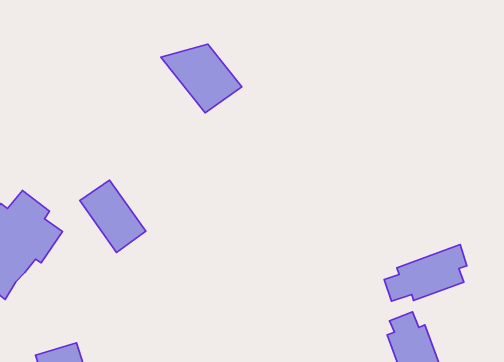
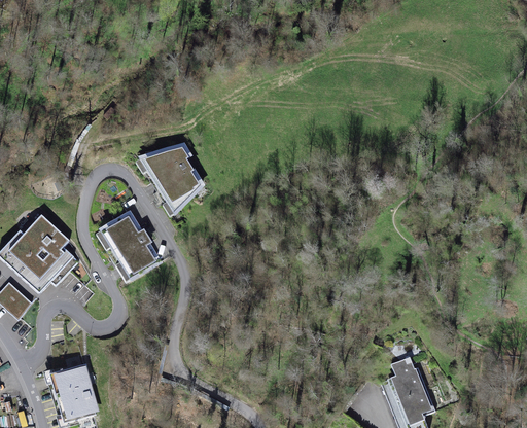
building: [161,44,242,113] -> [132,149,208,215]
building: [384,245,467,301] -> none

